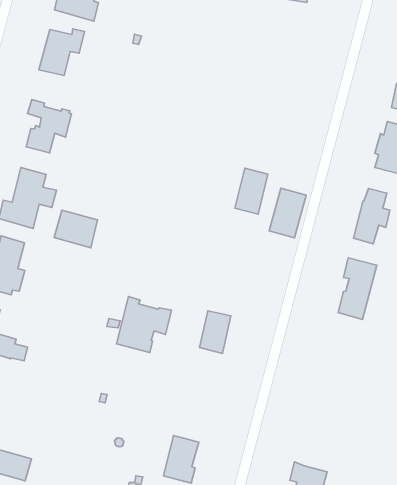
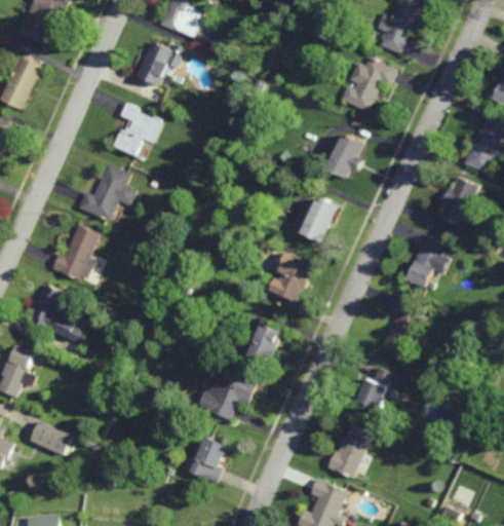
building: none -> [339,55,395,112]
building: none -> [324,134,361,180]
building: [269,188,306,238] -> [270,256,310,304]
building: [54,210,98,248] -> none
building: [116,297,172,352] -> [198,365,255,420]
building: none -> [354,369,390,414]
building: none -> [325,425,371,482]

